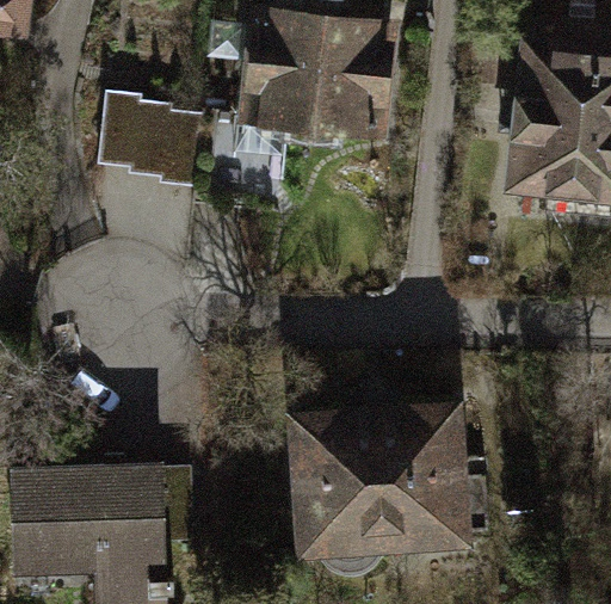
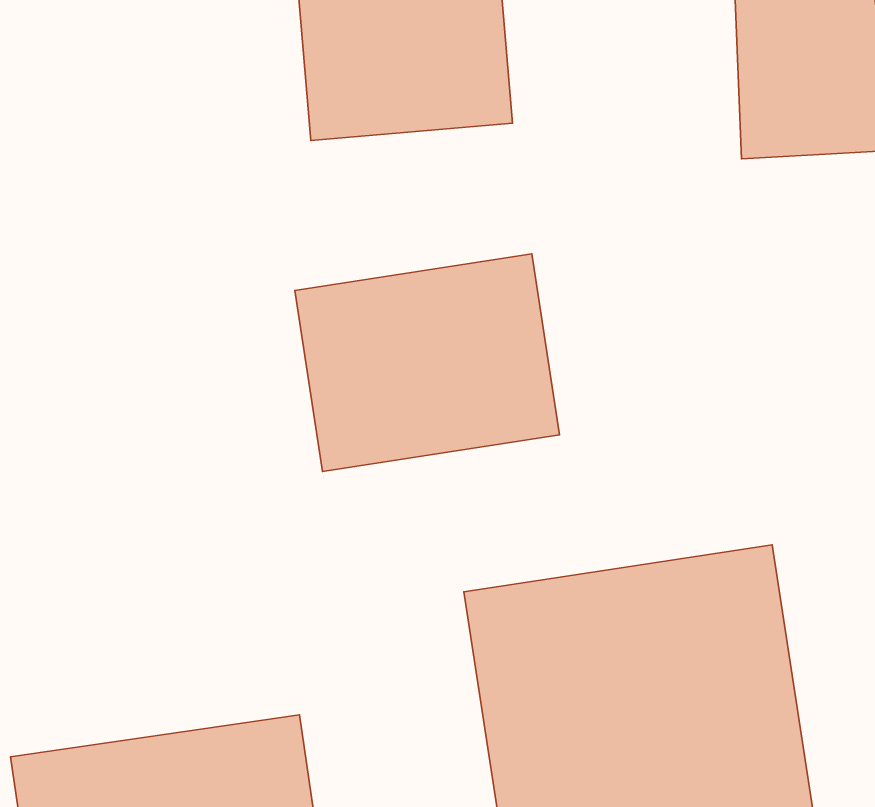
building: [91,91,195,189] -> none
building: none -> [295,254,559,472]

